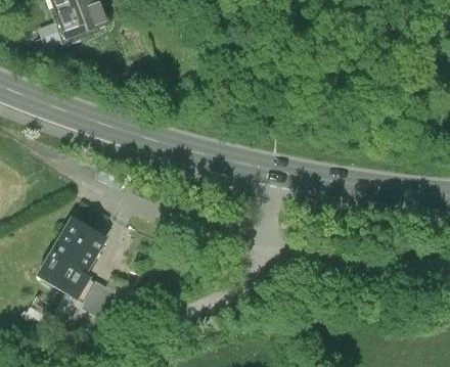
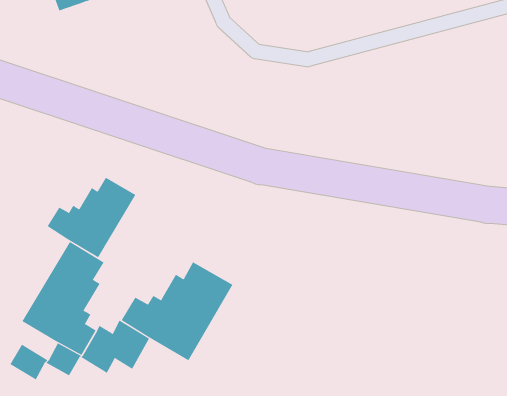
building: none -> [47,177,136,258]
building: none -> [121,262,233,361]

